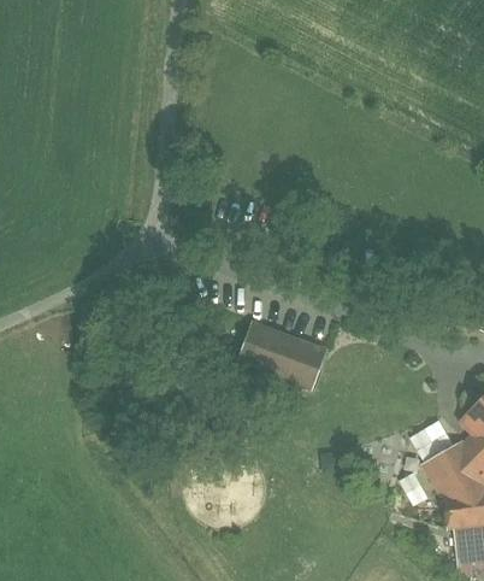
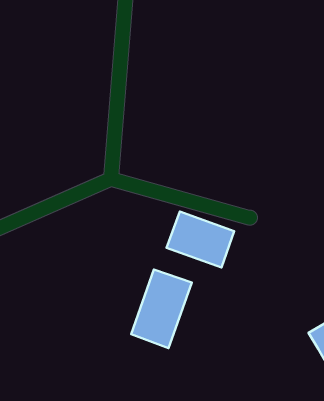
building: none -> [131,269,192,348]

